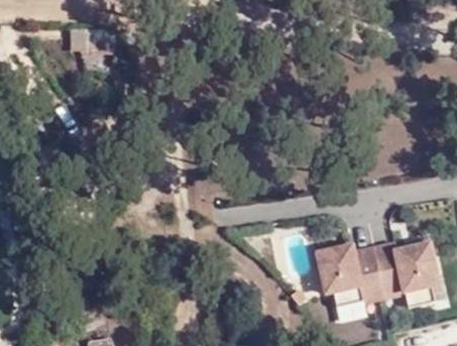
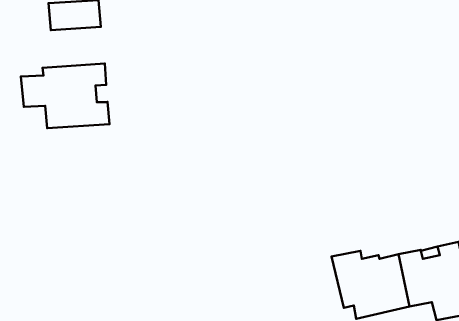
building: none -> [21,64,109,128]

